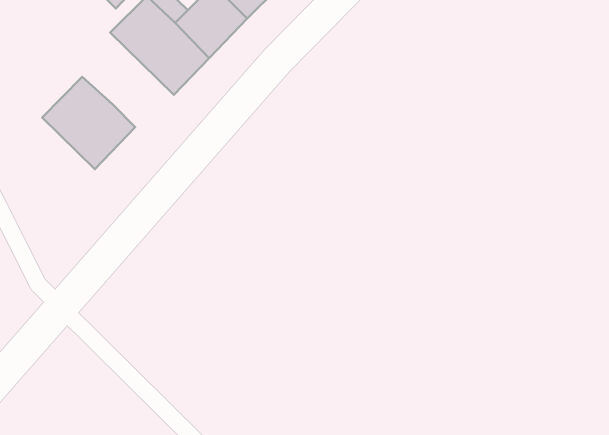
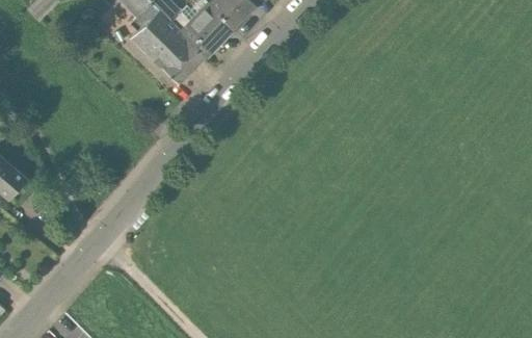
building: [42,77,135,169] -> none

